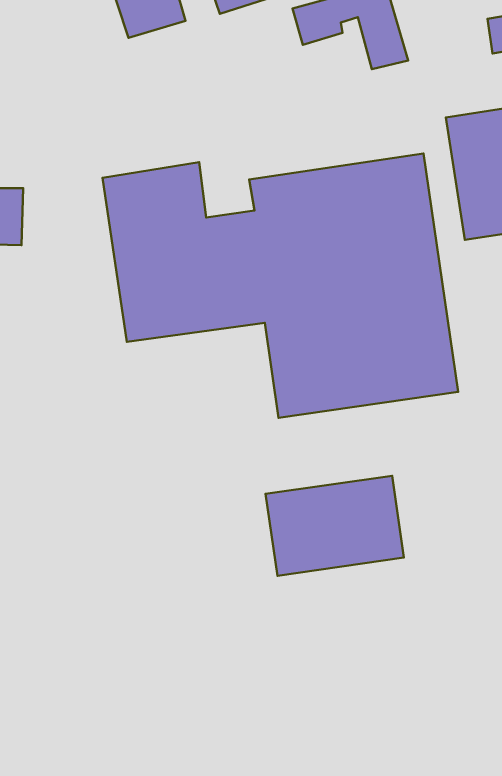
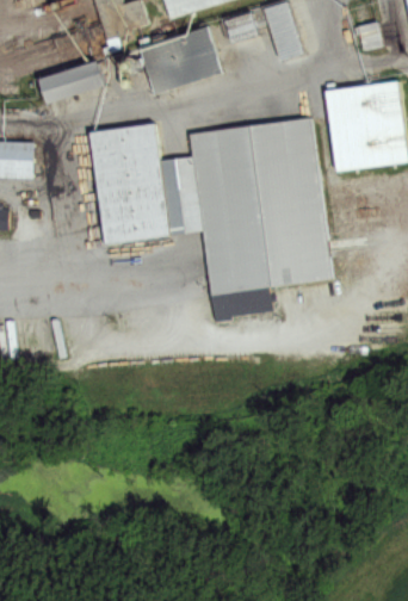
building: none -> [140,24,222,93]
building: none -> [39,60,105,106]
building: [266,476,404,576] -> none

